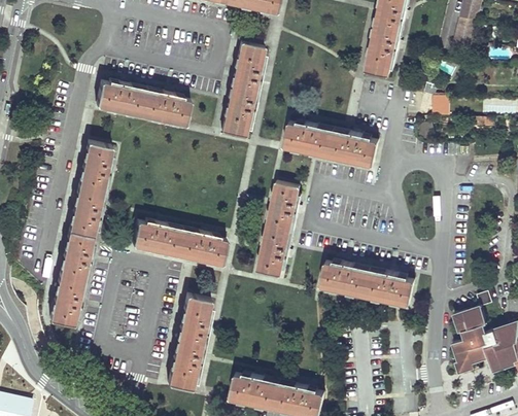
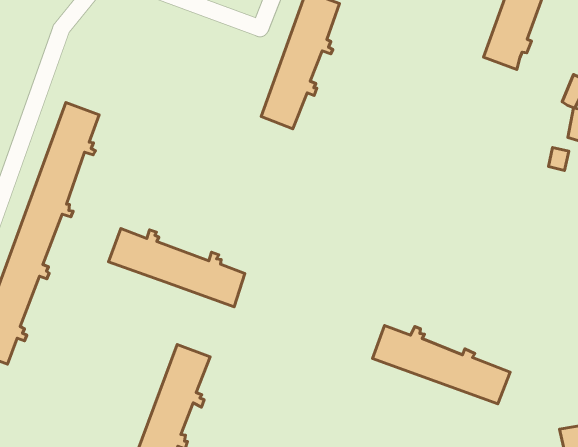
building: [97,81,191,126] -> none
building: [285,122,380,166] -> none
building: [258,183,302,277] -> none

